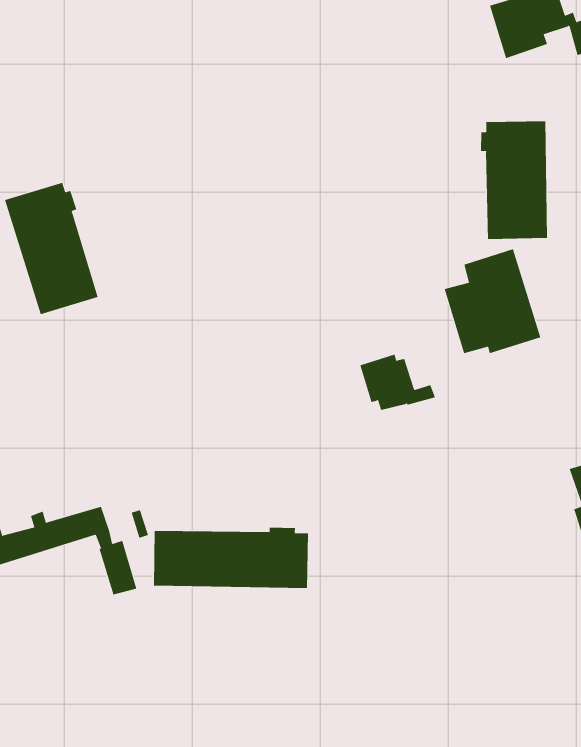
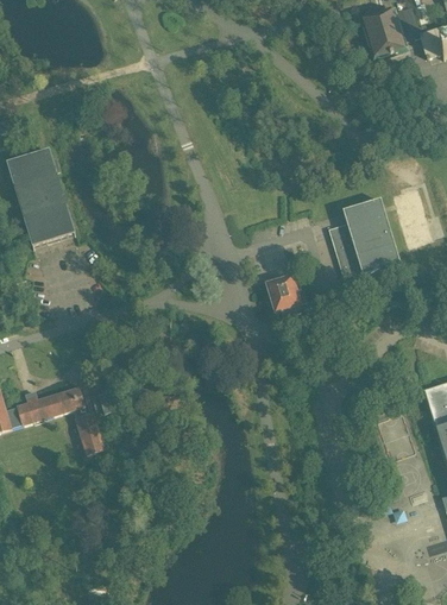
building: [481,121,547,240] -> none
building: [153,527,308,589] -> none

